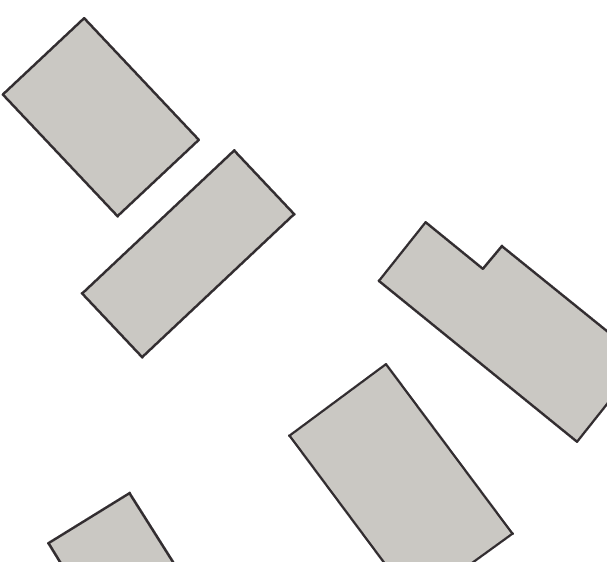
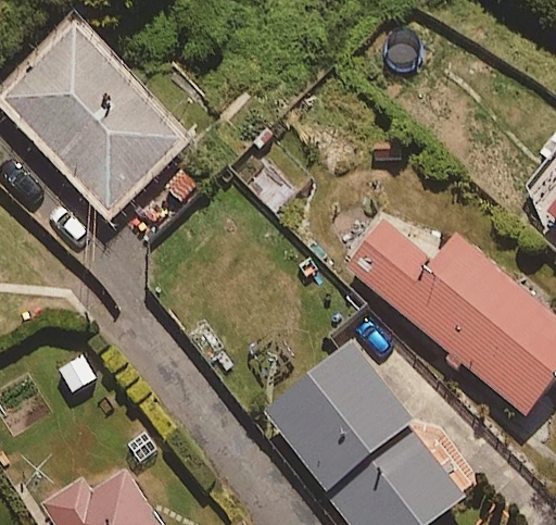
building: [82,150,294,357] -> none

